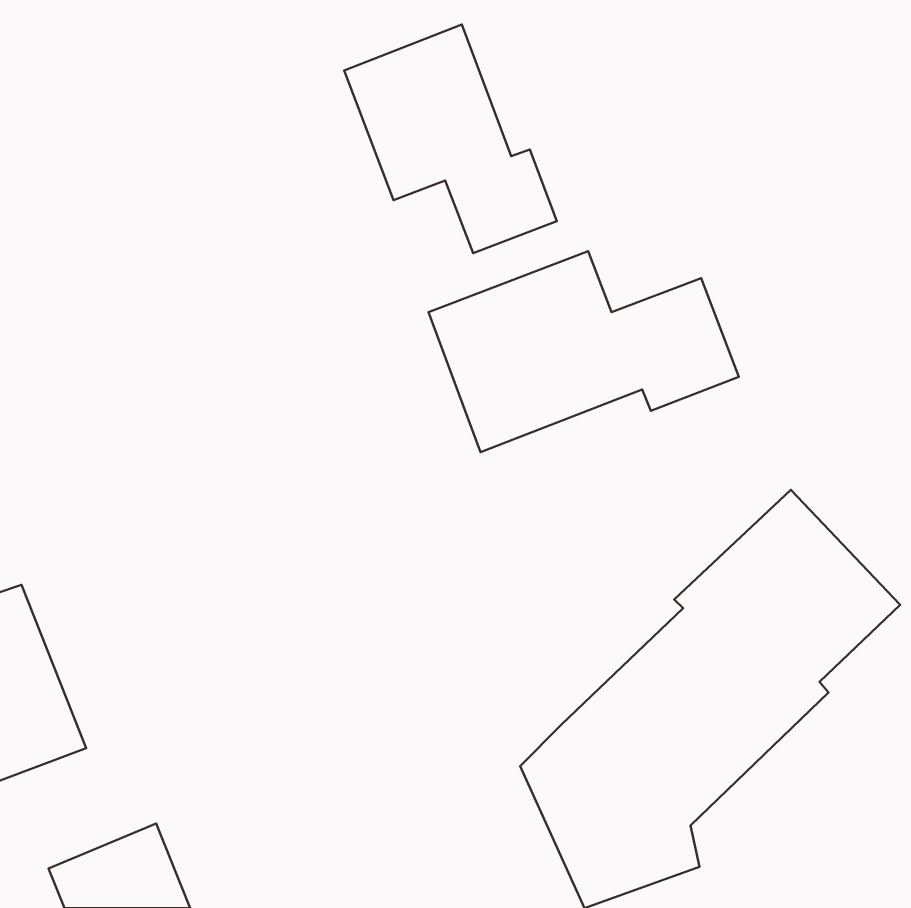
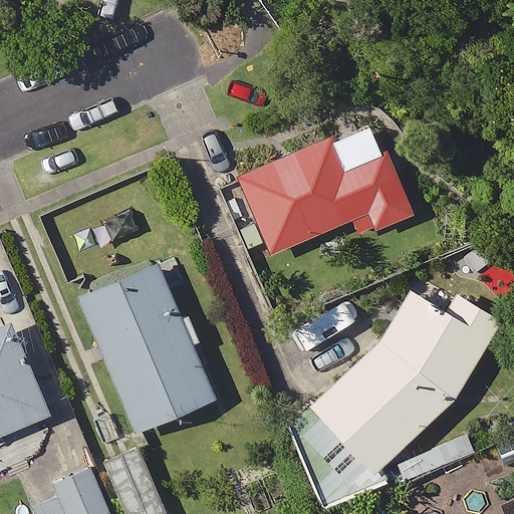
building: [344,24,557,253] -> none
building: none -> [83,269,212,430]

